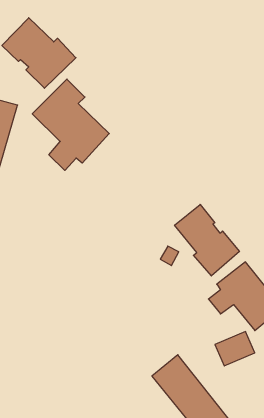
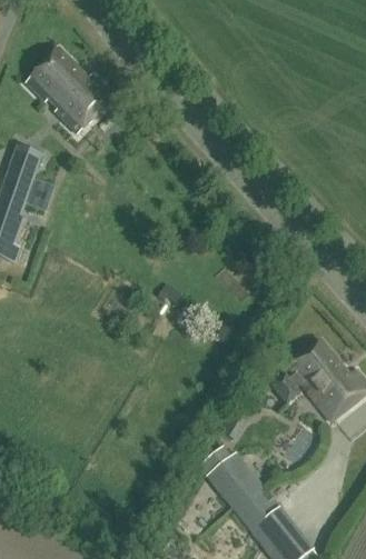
building: [32,79,109,170] -> none
building: [175,204,239,276] -> none

